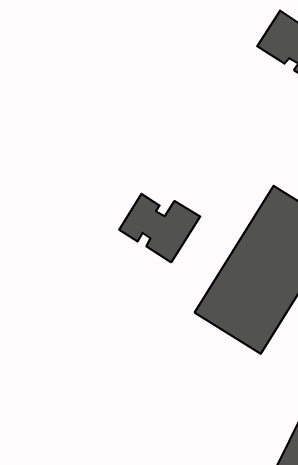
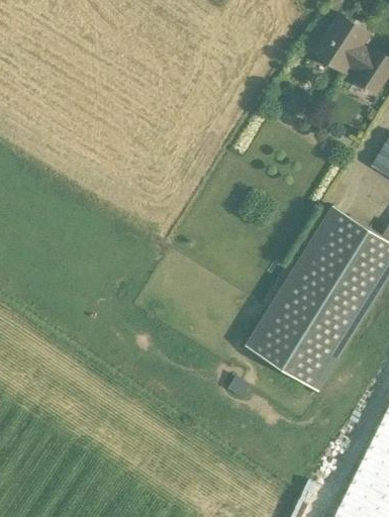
building: [119,194,200,262] -> none

